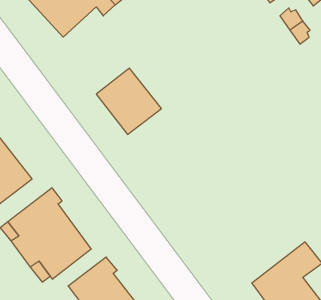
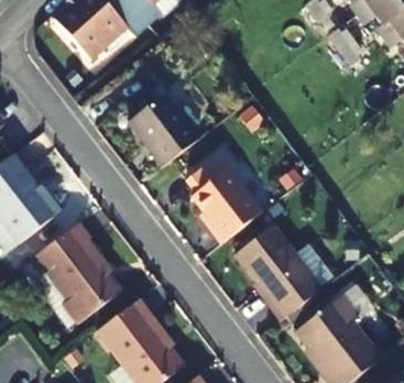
building: none -> [186,151,261,243]
building: none -> [234,223,324,319]

